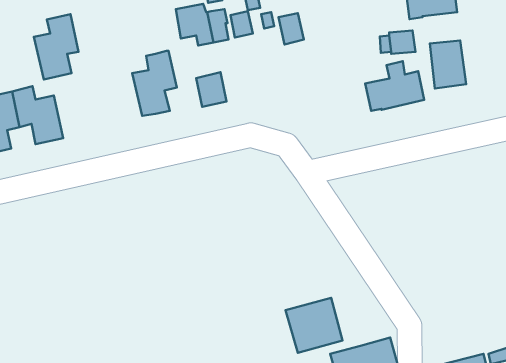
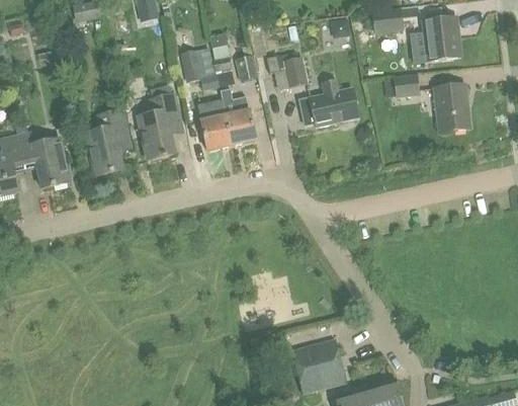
building: [34,14,78,79] -> [85,110,130,175]
building: none -> [220,86,255,145]
building: [365,61,424,111] -> [299,78,358,128]

